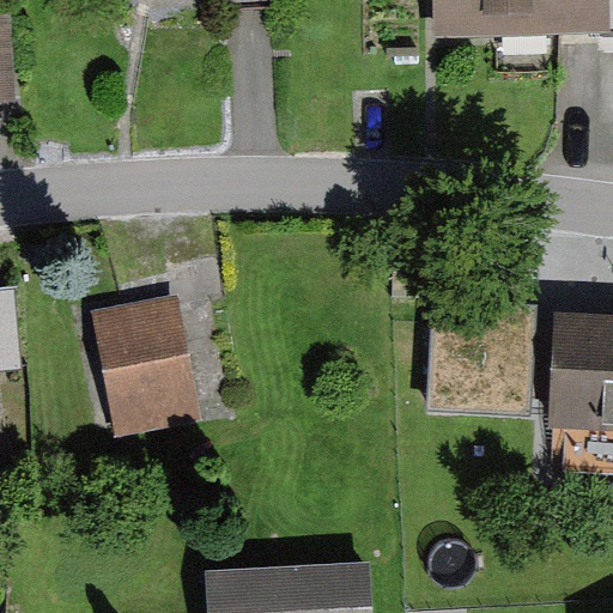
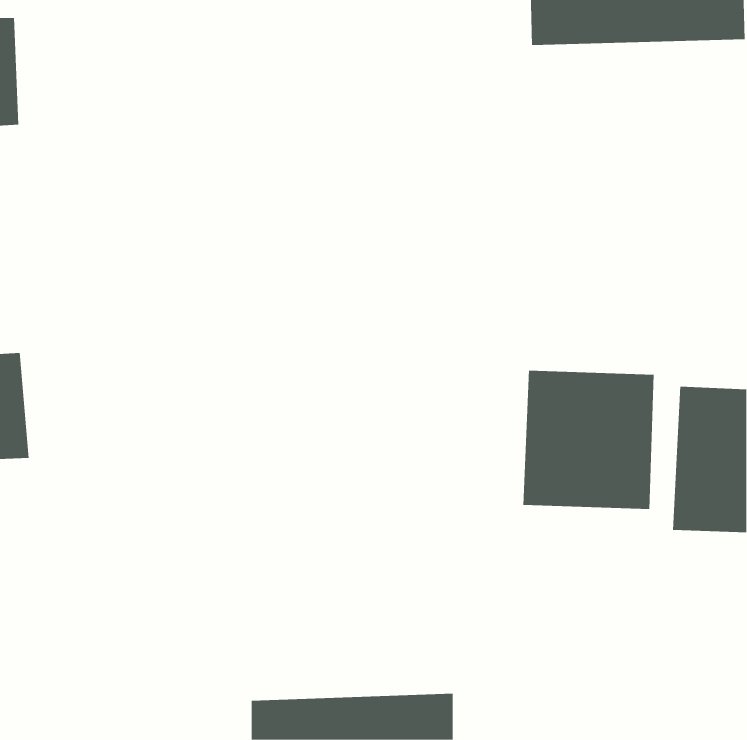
building: [92,298,196,436] -> none

